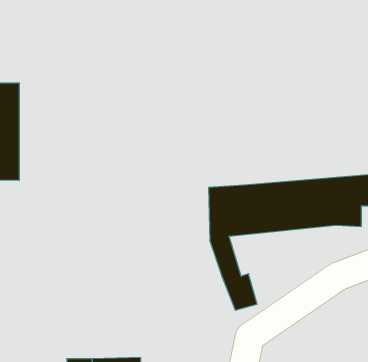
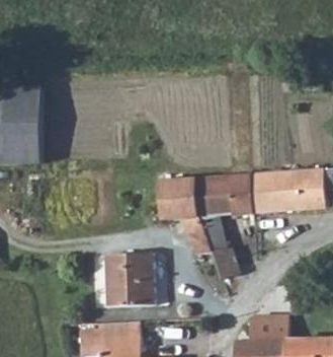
building: none -> [158,175,210,254]
building: none -> [109,249,156,304]

